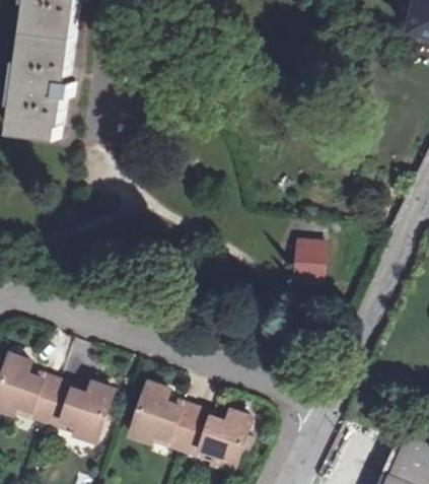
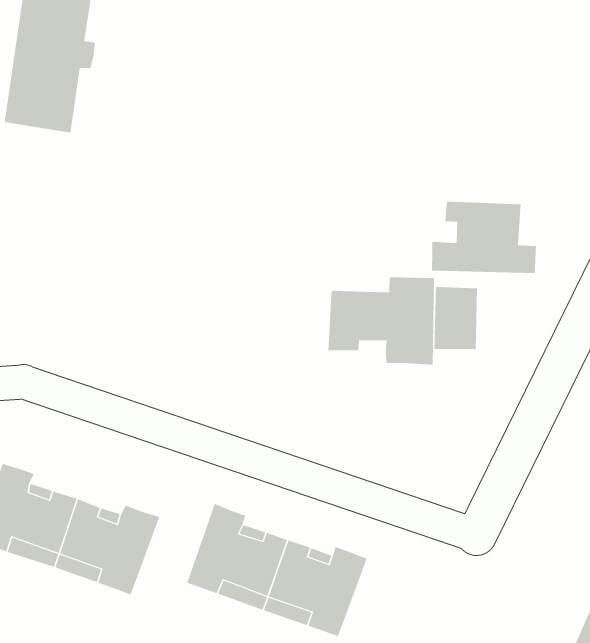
building: none -> [432,201,537,274]
building: none -> [328,277,435,365]

